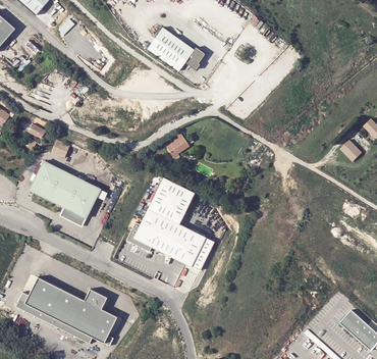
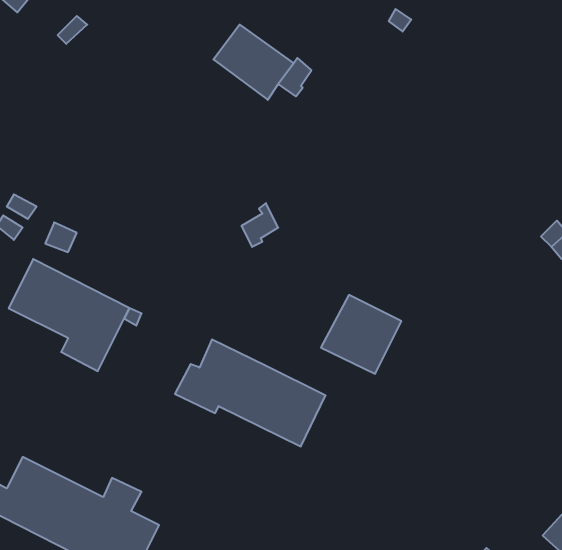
building: [148,177,195,223] -> [321,295,401,374]

